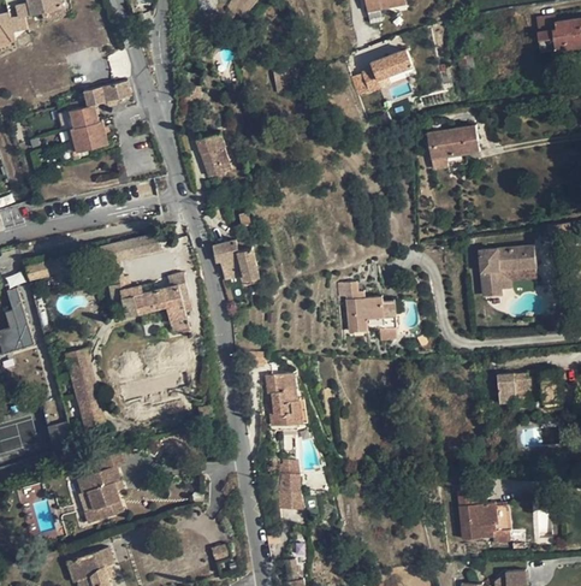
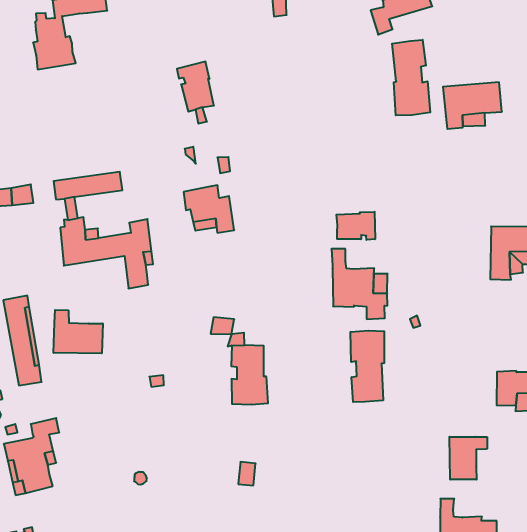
building: none -> [392,40,430,115]
building: none -> [336,212,375,240]
building: none -> [350,331,384,402]
building: none -> [54,310,103,353]
building: none -> [449,437,487,480]

